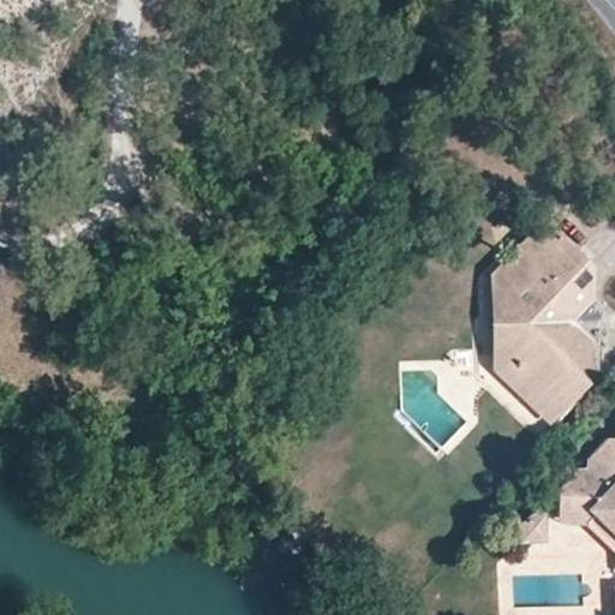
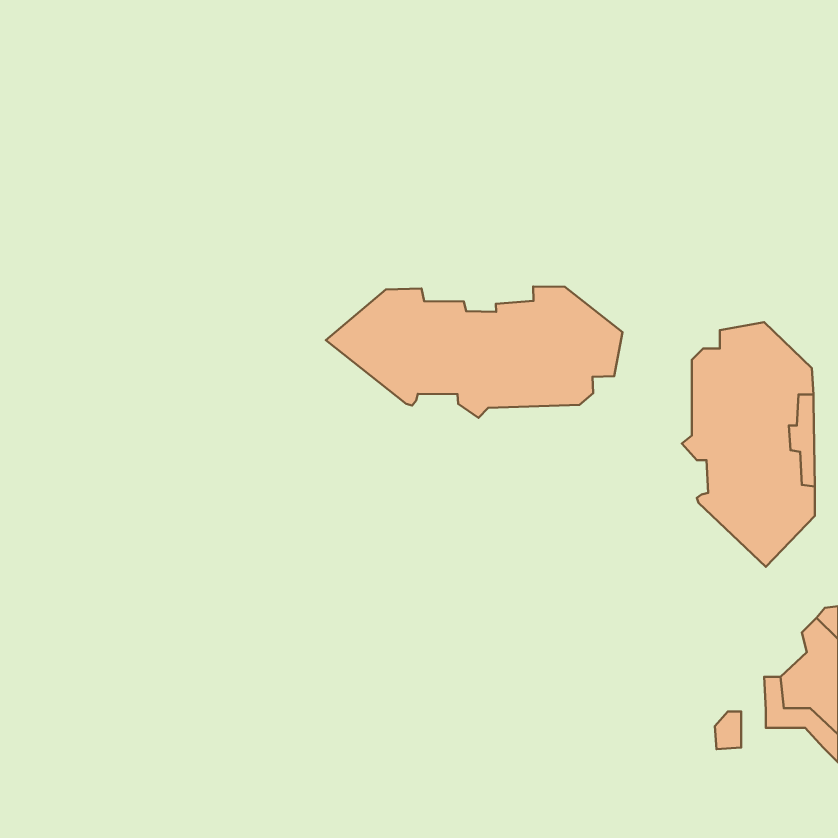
building: none -> [326,286,622,418]
building: [494,263,560,423] -> none

